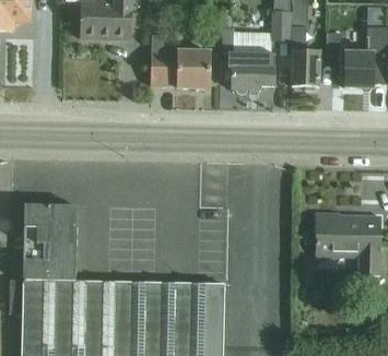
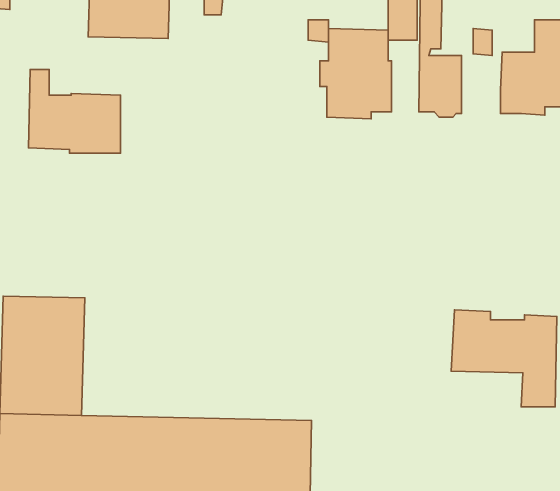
building: [151,34,210,87] -> [29,70,121,153]

